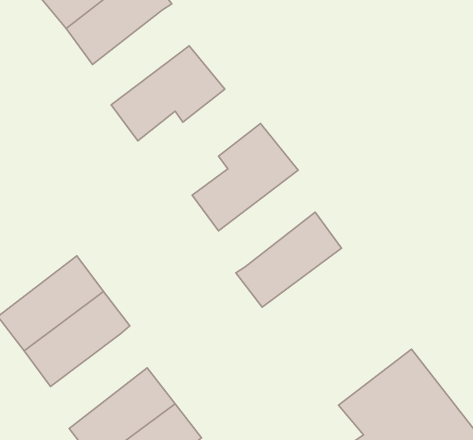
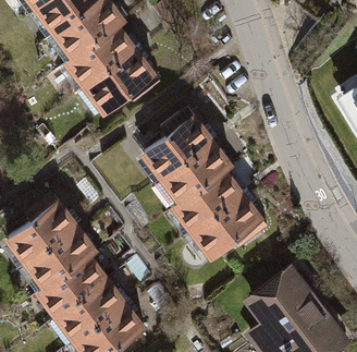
building: none -> [62,26,136,93]
building: none -> [157,138,231,206]
building: none -> [187,193,268,259]
building: none -> [33,253,107,319]

